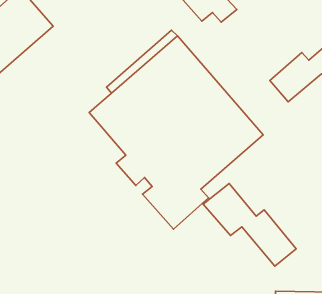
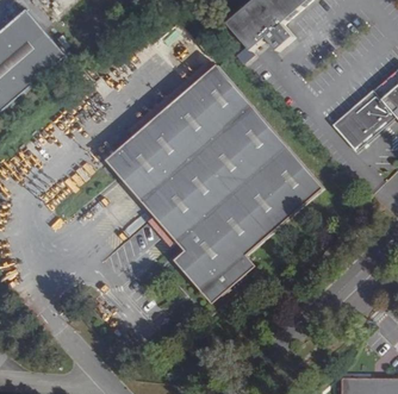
building: [203,184,296,266] -> none

